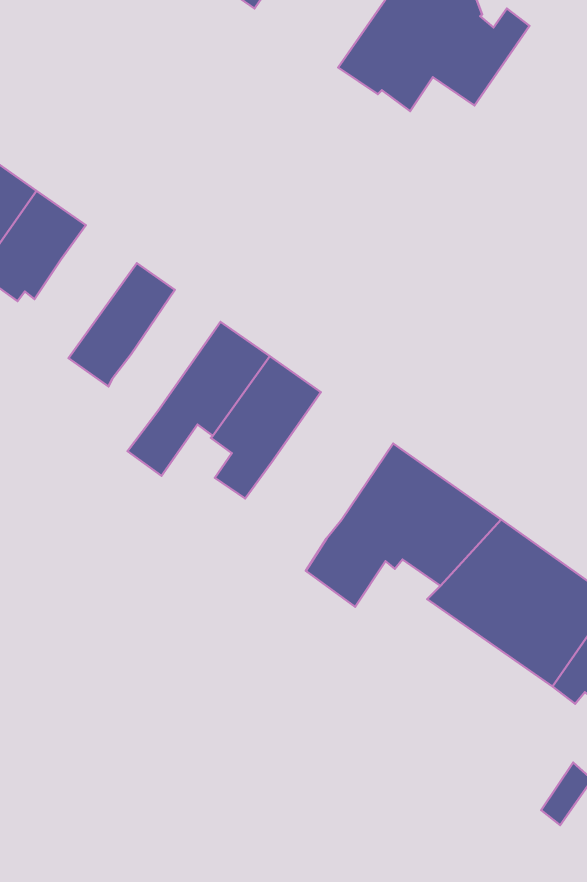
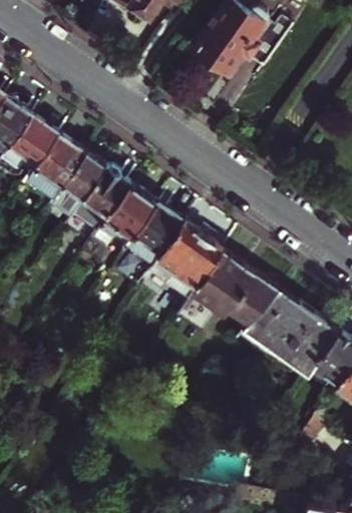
building: none -> [22,134,86,206]
building: none -> [73,168,130,232]
building: none -> [157,222,222,300]

